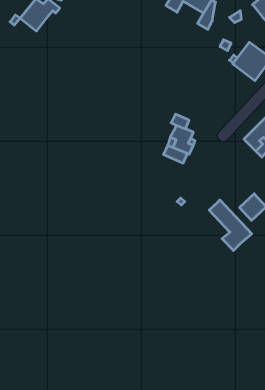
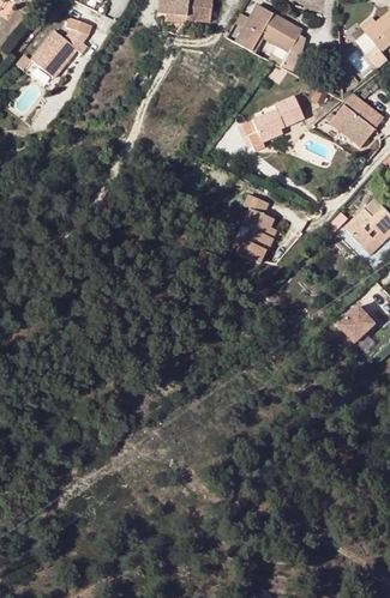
building: none -> [238,96,304,150]
building: [209,200,252,251] -> none

